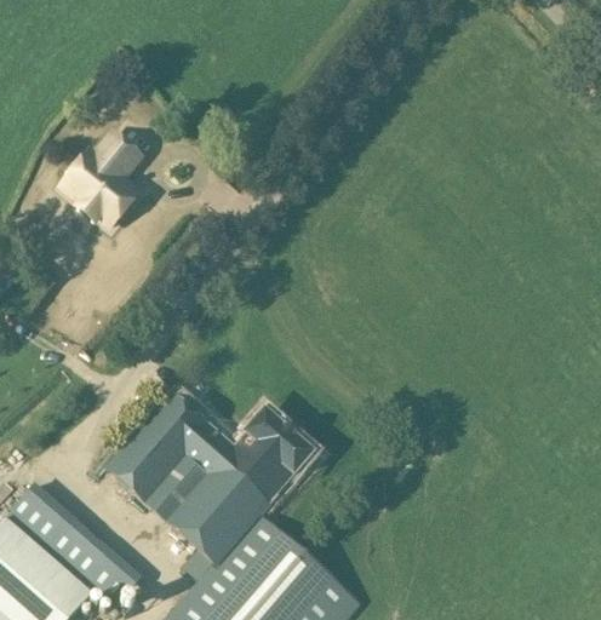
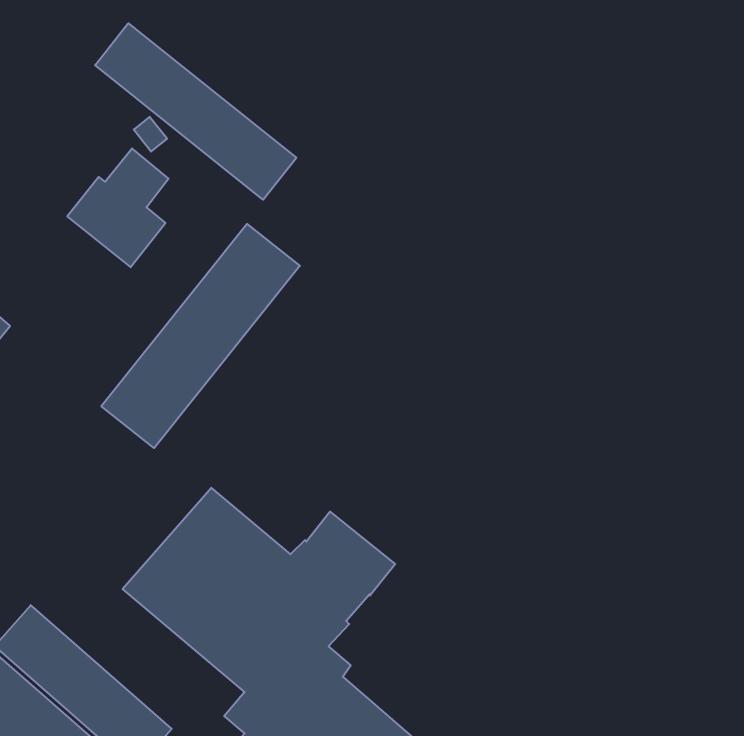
building: none -> [95,23,296,200]
building: none -> [101,224,300,448]

